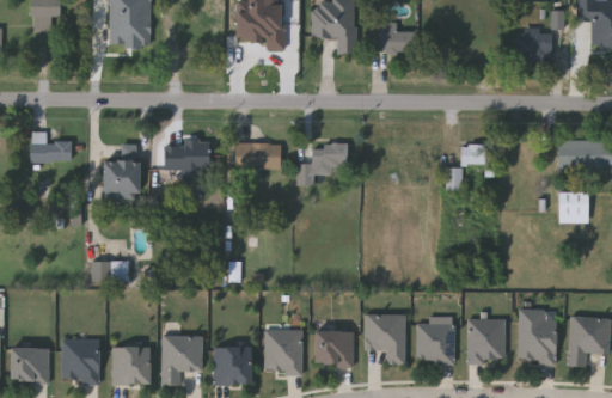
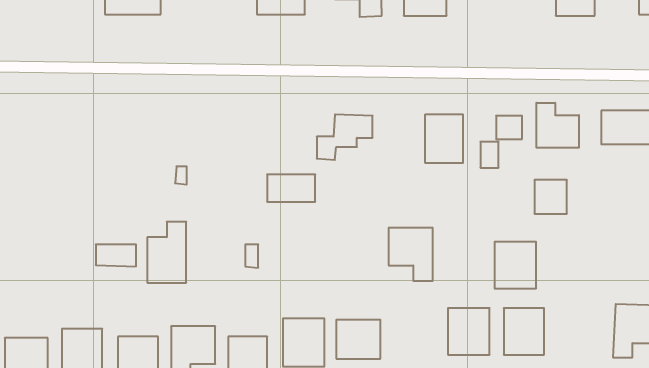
building: [31,130,72,161] -> none
building: none -> [536,103,579,148]
building: [164,141,208,171] -> none
building: none -> [425,114,463,163]
building: [235,142,280,167] -> [267,174,315,202]
building: [102,143,137,200] -> [147,222,186,283]
building: [558,191,588,222] -> [534,180,567,214]
building: [366,316,406,365] -> [389,228,433,281]
building: [519,320,557,363] -> [495,242,536,289]

